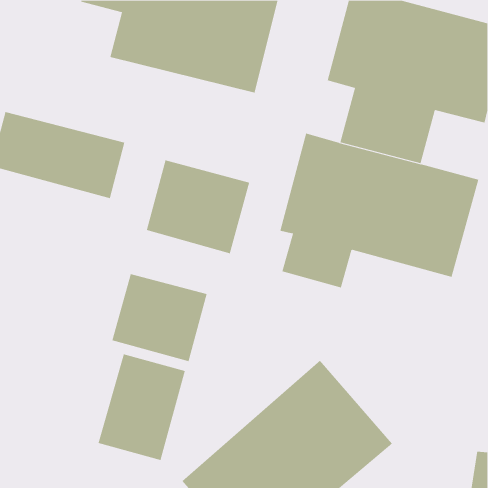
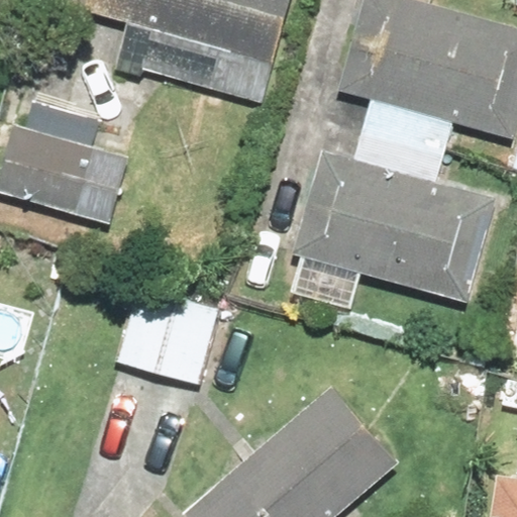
building: [146,159,250,254] -> none
building: [98,354,186,461] -> none

